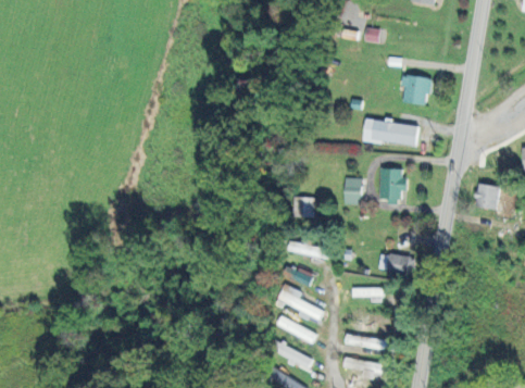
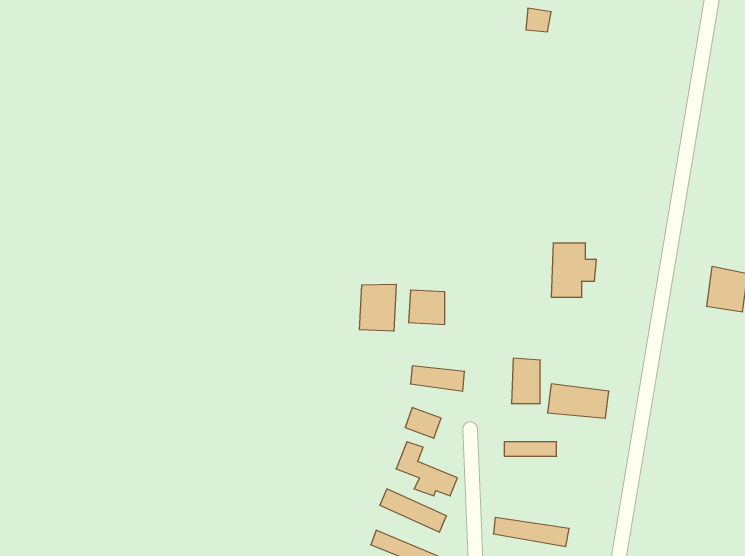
building: [401,74,430,105] -> none
building: [363,118,417,146] -> none
building: [343,177,361,204] -> [511,358,540,403]
building: none -> [360,284,396,331]

